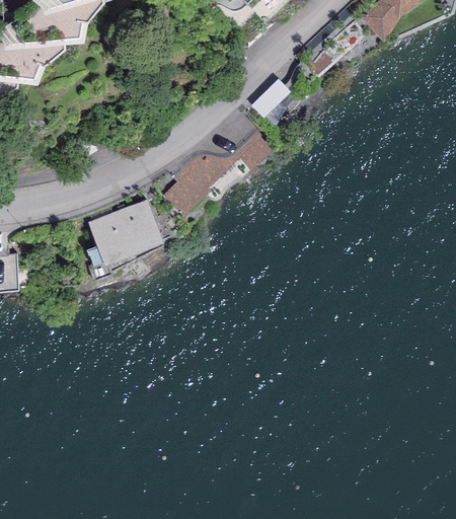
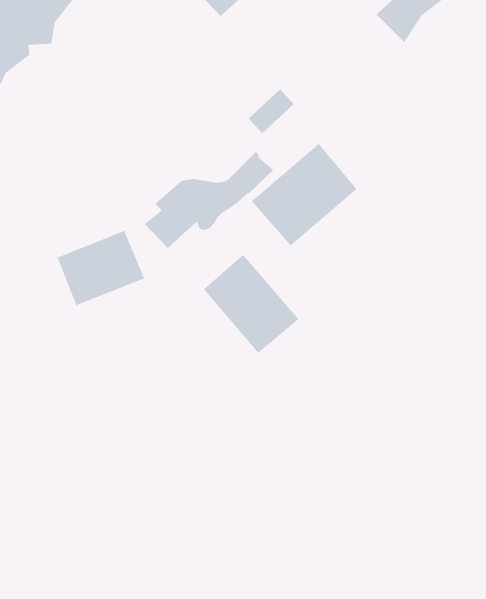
building: none -> [251,143,357,246]
building: none -> [203,254,299,354]

